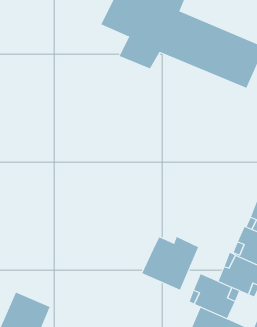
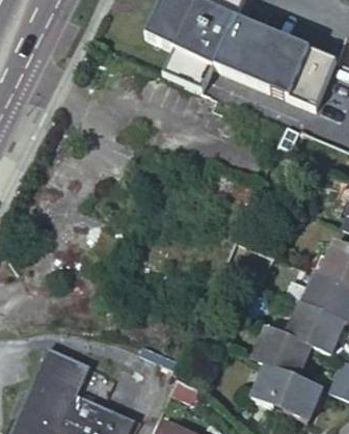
building: [142,236,199,291] -> none

